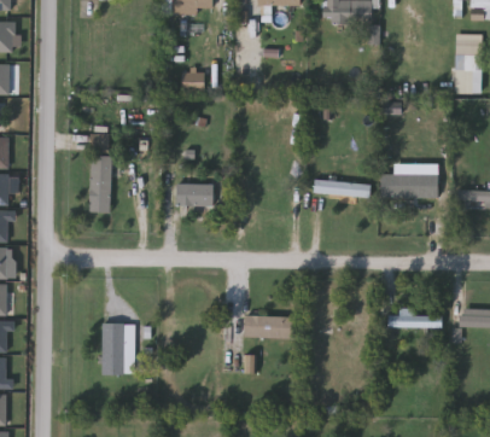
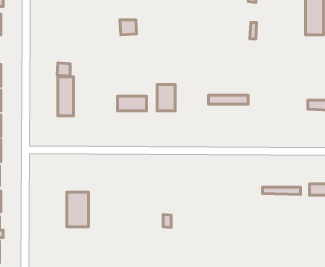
building: none -> [157,85,175,111]
building: [379,174,437,197] -> none
building: [247,315,298,337] -> none

